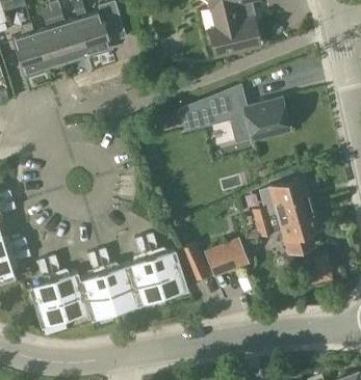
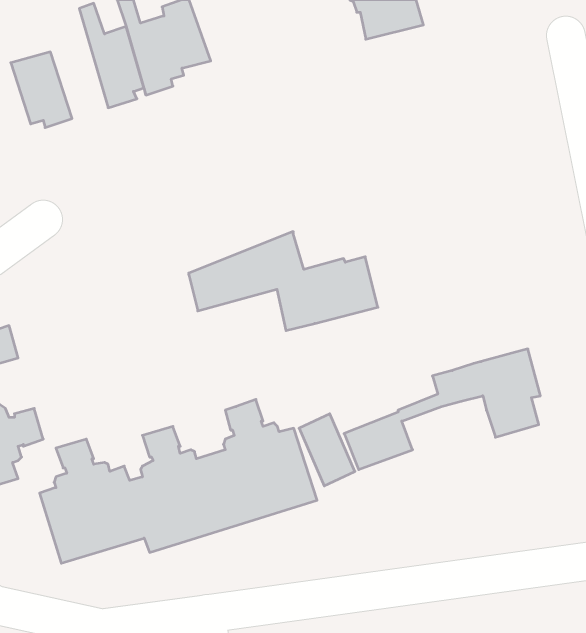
building: [34,7,68,71] -> none
building: [210,17,259,55] -> none
building: [180,85,289,142] -> [189,232,378,331]
building: [252,179,310,219] -> none

